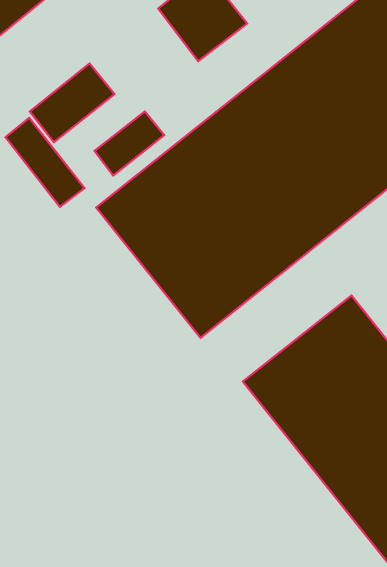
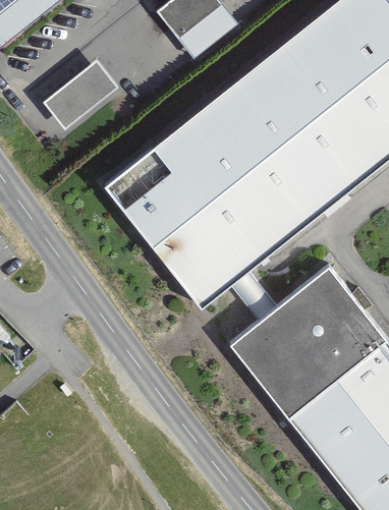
building: [94,111,164,175] -> none
building: [5,118,85,207] -> none

